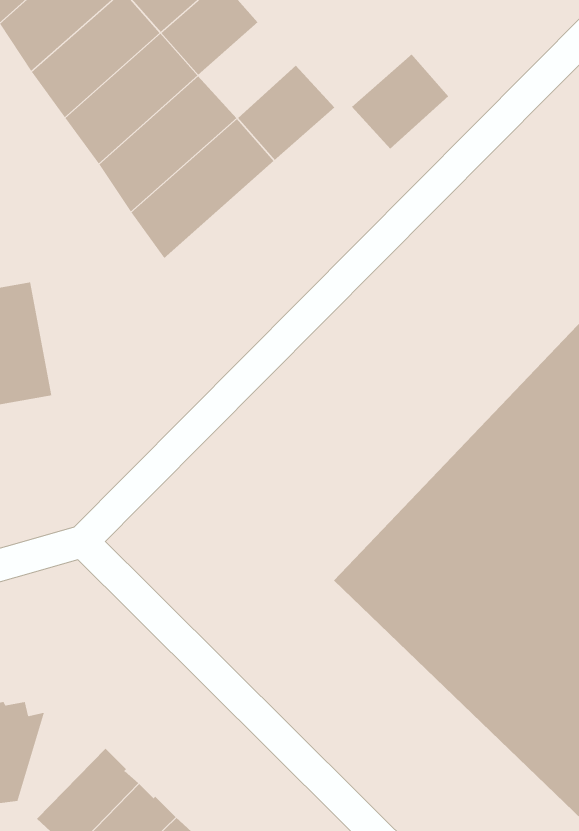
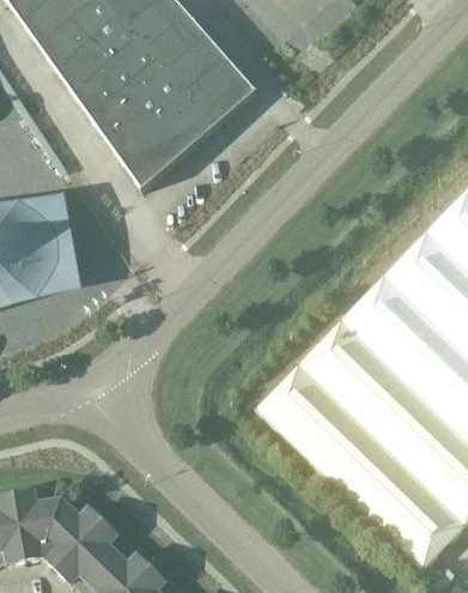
building: [351,54,449,150] -> [165,32,231,97]
building: none -> [44,497,103,569]

